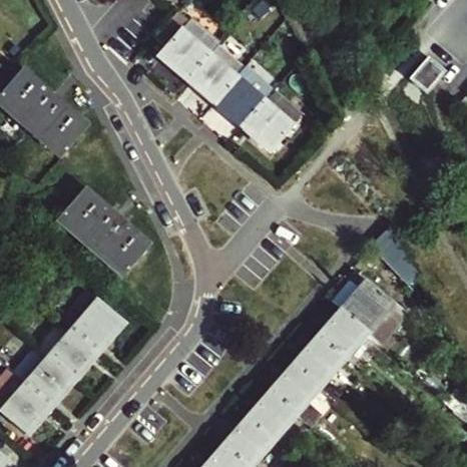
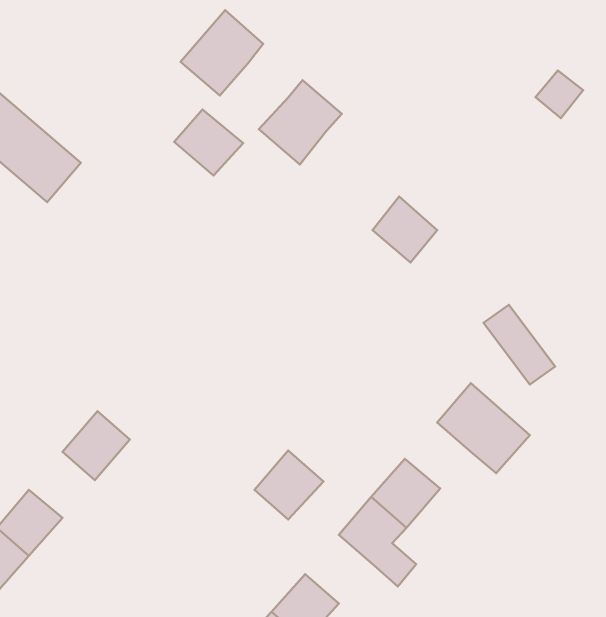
building: [184,54,233,101] -> [174,109,243,175]
building: [242,102,288,149] -> [373,197,437,263]
building: [59,190,147,273] -> none
building: [317,311,364,358] -> none
building: [48,332,95,379] -> none
building: [246,391,295,440] -> [255,451,323,519]

